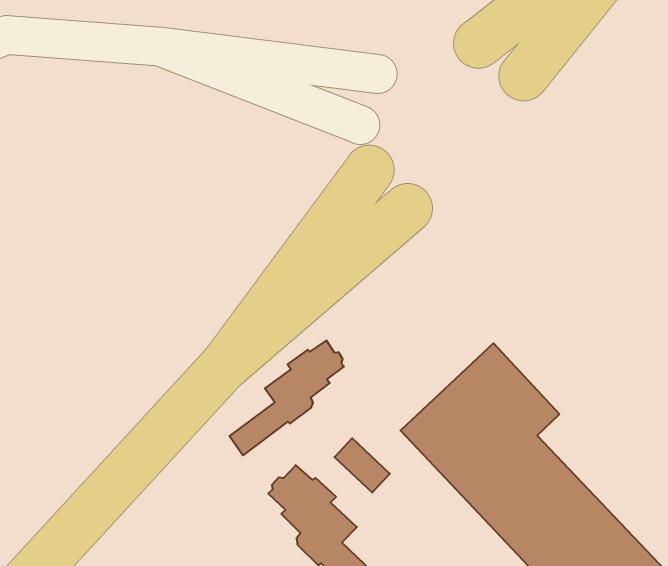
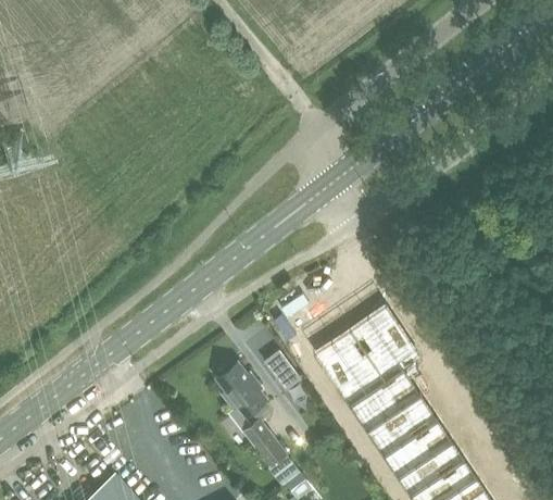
building: [229,340,344,455] -> none

